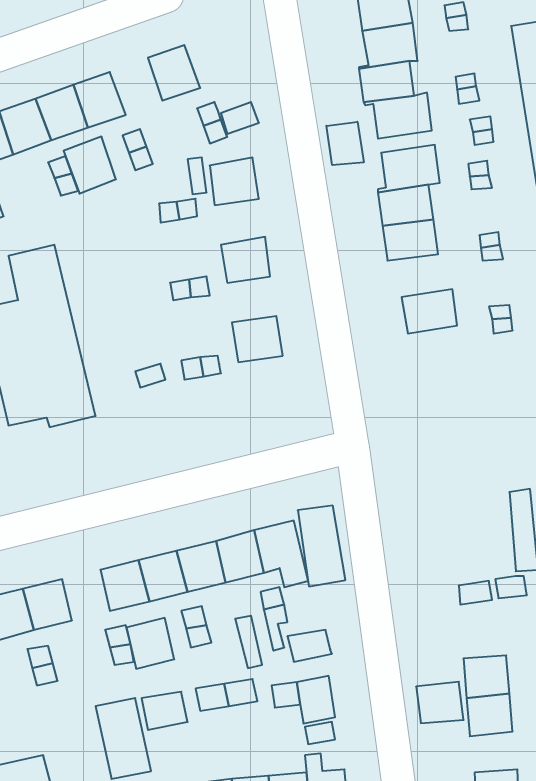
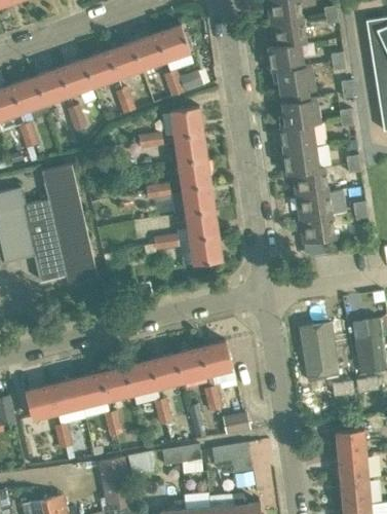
building: none -> [155,25,190,62]
building: [326,122,364,165] -> none
building: [64,137,116,194] -> [107,42,141,79]
building: none -> [175,134,207,163]
building: none -> [286,169,328,197]
building: none -> [183,184,215,214]
building: none -> [300,216,344,260]
building: none -> [190,235,222,265]
building: [298,506,345,586] -> [300,326,331,378]
building: [127,618,174,669] -> [76,374,107,407]
building: [416,682,464,723] -> [340,479,371,506]

